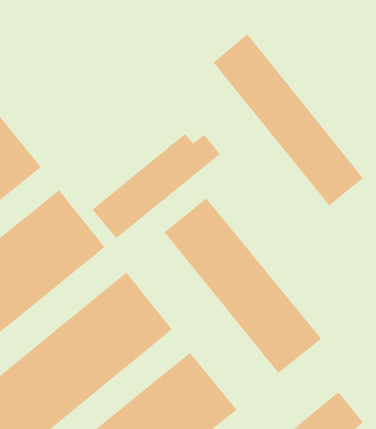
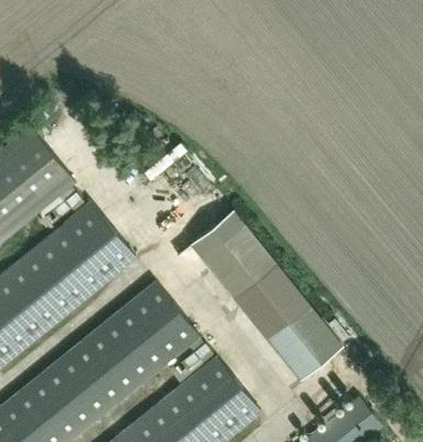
building: [212,33,364,207] -> none
building: [91,133,221,239] -> none

